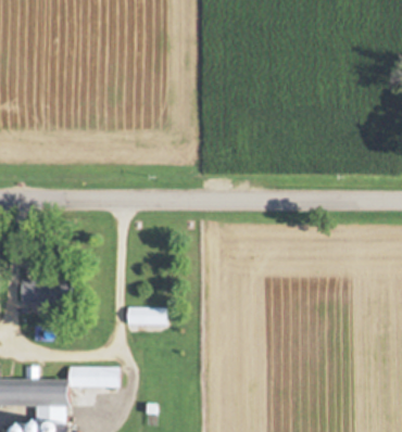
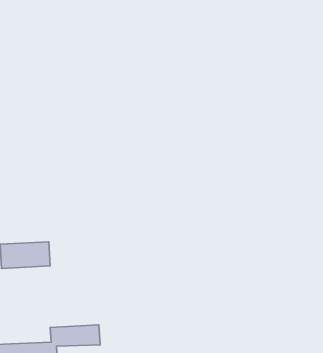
building: [127,308,165,326] -> none

